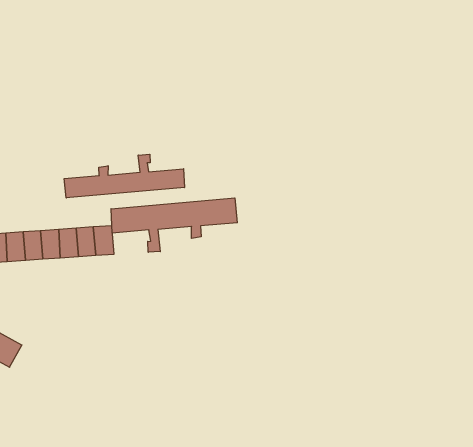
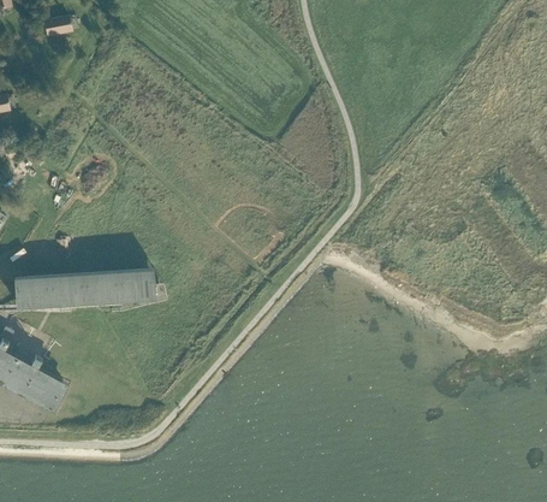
building: [64,154,184,198] -> none
building: [111,198,237,252] -> none

